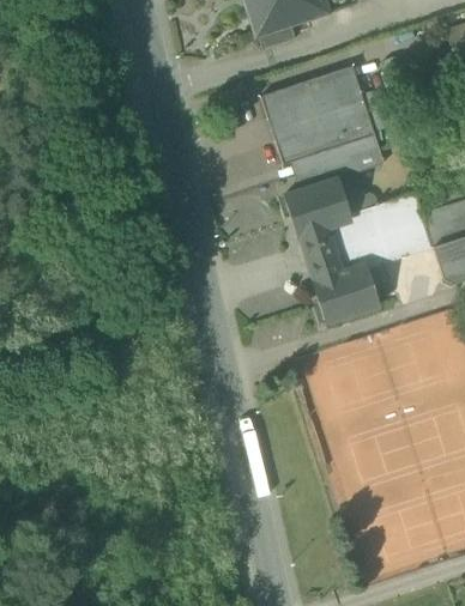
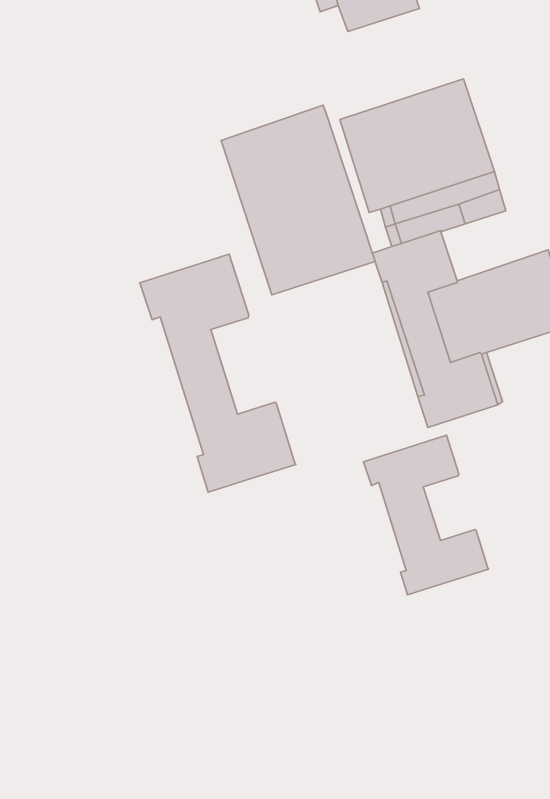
building: none -> [221,105,375,295]
building: none -> [140,254,296,492]
building: none -> [364,435,489,595]

